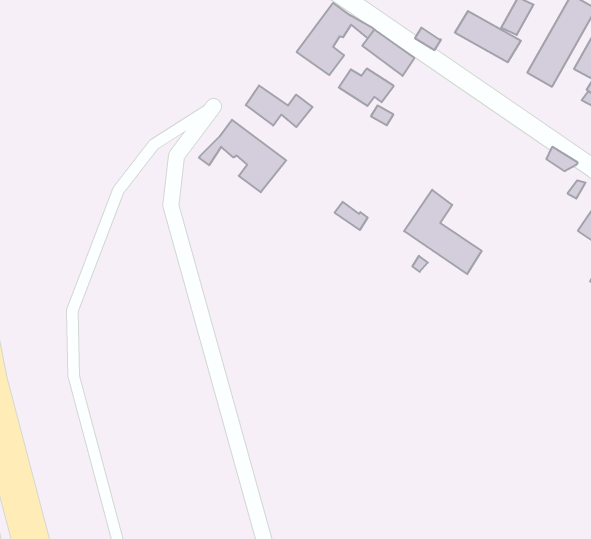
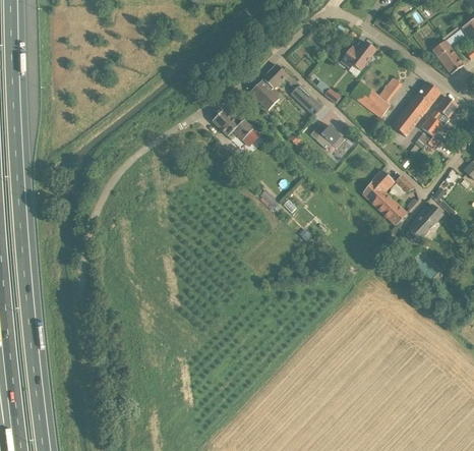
building: [339,69,394,106] -> [310,124,345,149]
building: [199,120,286,192] -> none
building: [404,190,482,274] -> [361,169,408,225]

